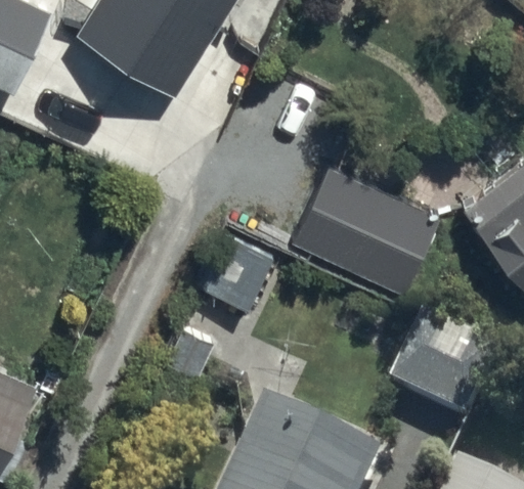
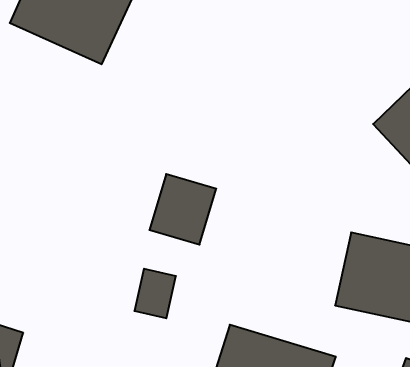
building: [285,166,439,298] -> none

